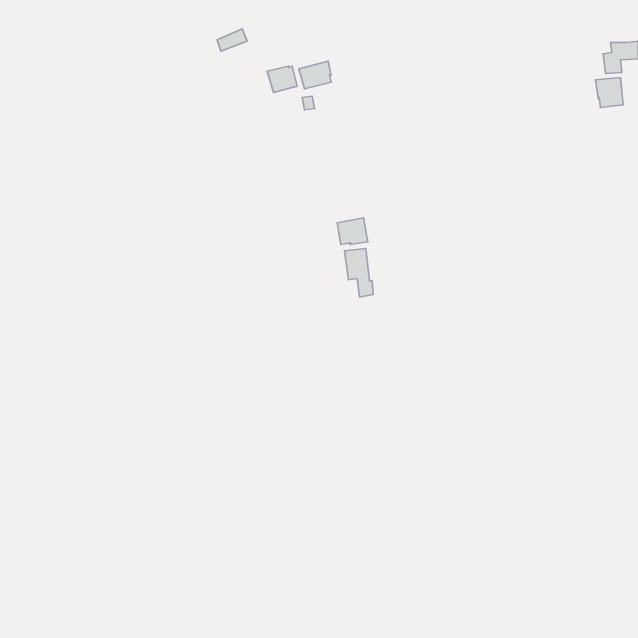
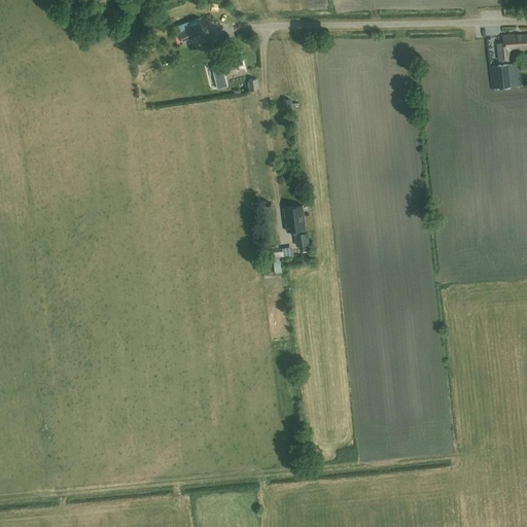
building: [299,61,331,89] -> none
building: [337,218,368,244] -> none

